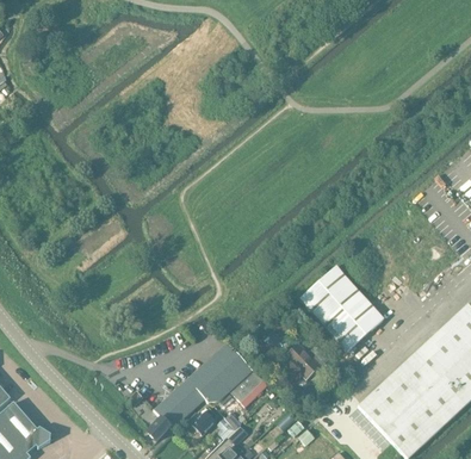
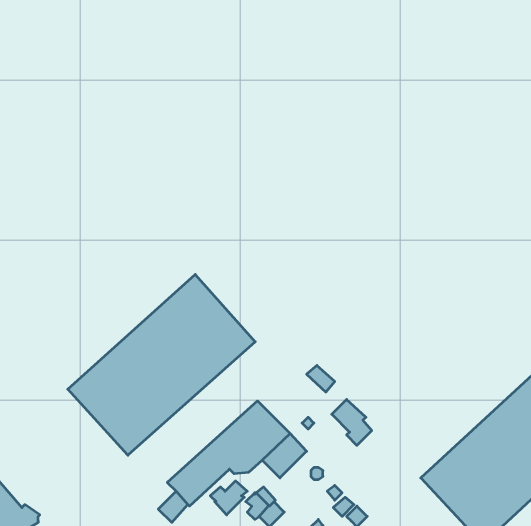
building: none -> [68,274,255,455]
building: [299,265,384,351] -> none

